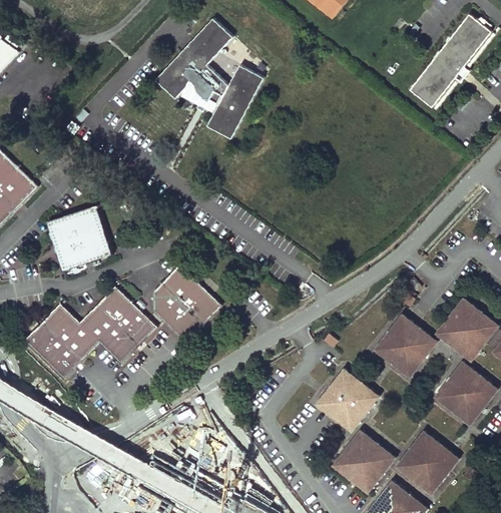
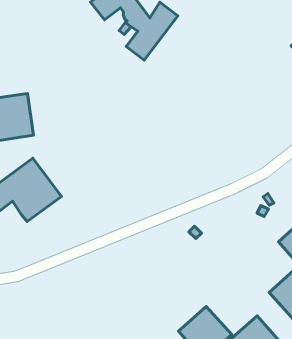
building: [152,265,219,342] -> none
building: [372,315,438,380] -> none
building: [314,368,380,433] -> none

